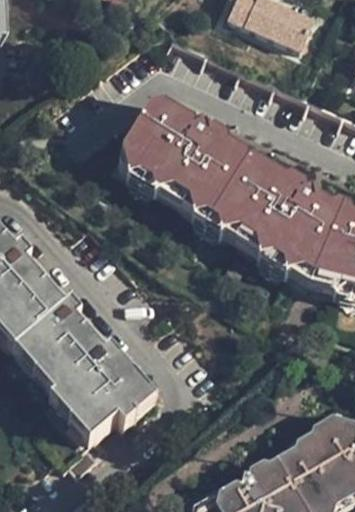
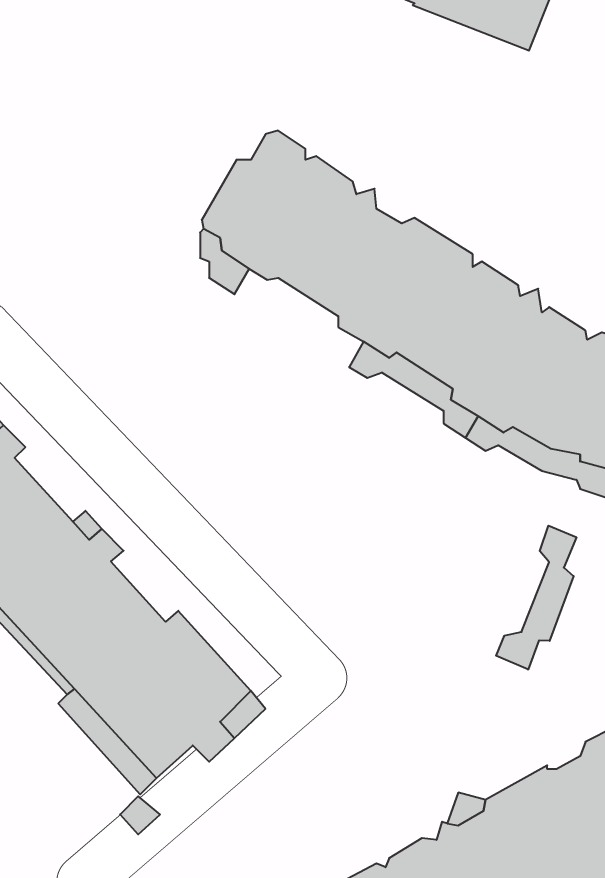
building: [141,164,212,218] -> none
building: none -> [496,526,576,670]

